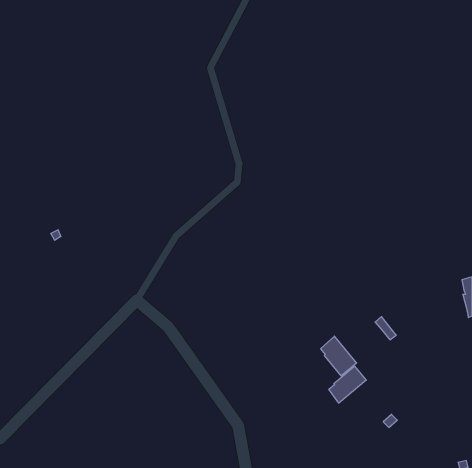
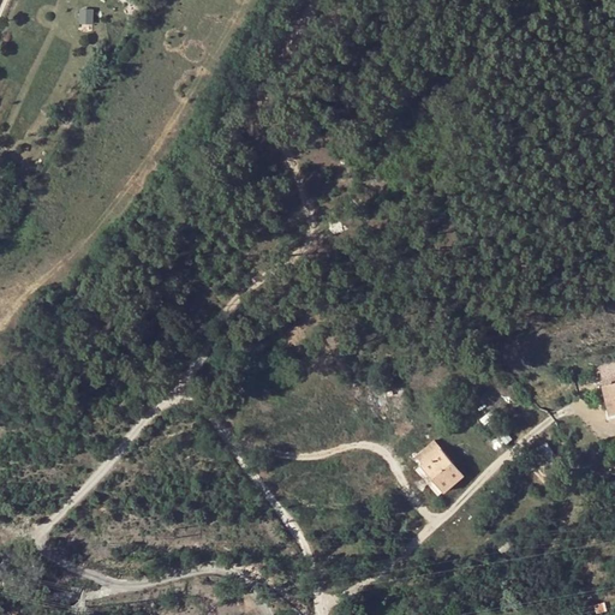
building: [329,366,366,403] -> none

